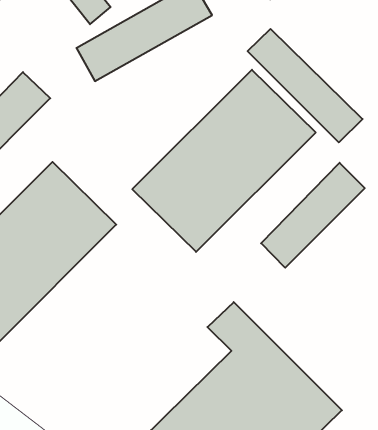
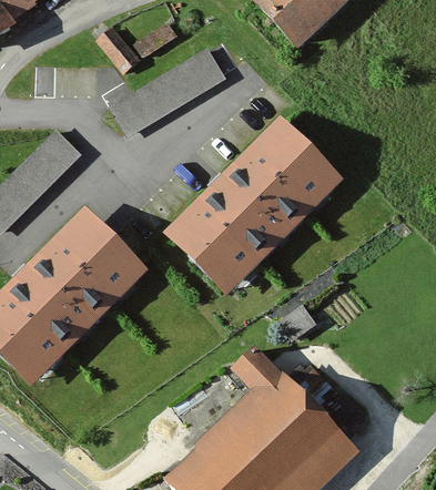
building: [248,29,363,142] -> none
building: [261,163,365,268] -> none

